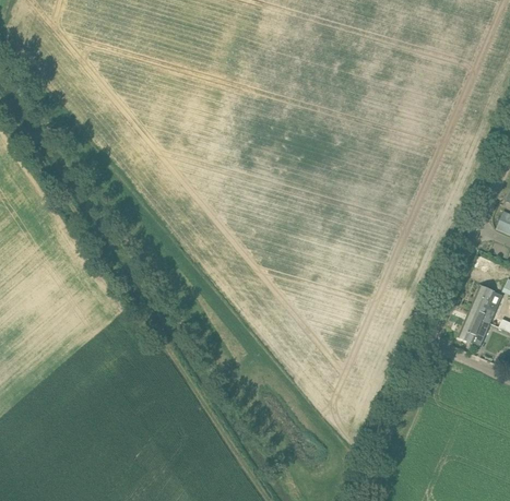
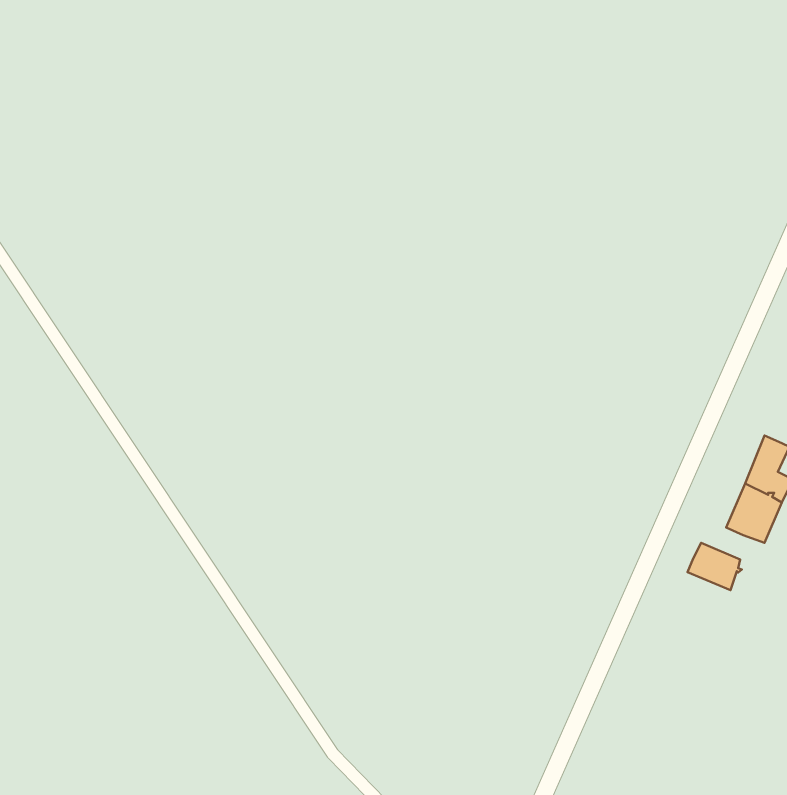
building: none -> [688,543,742,590]

